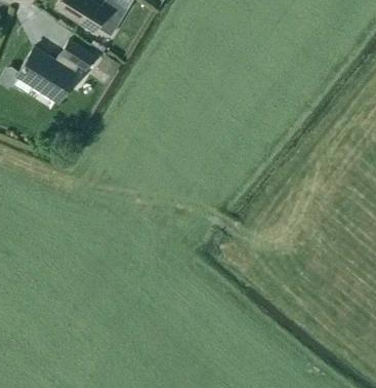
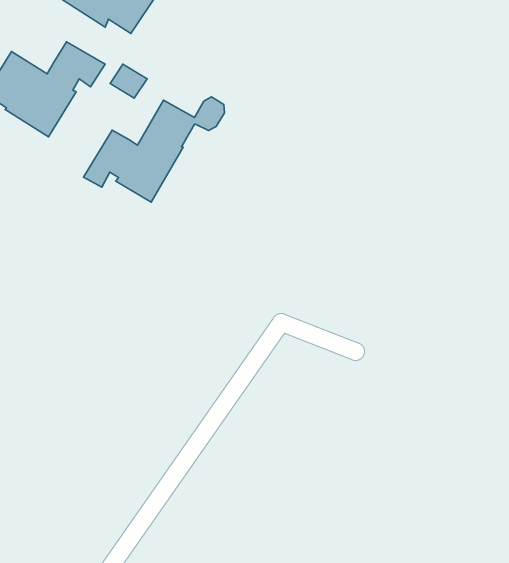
building: none -> [83,97,224,202]

